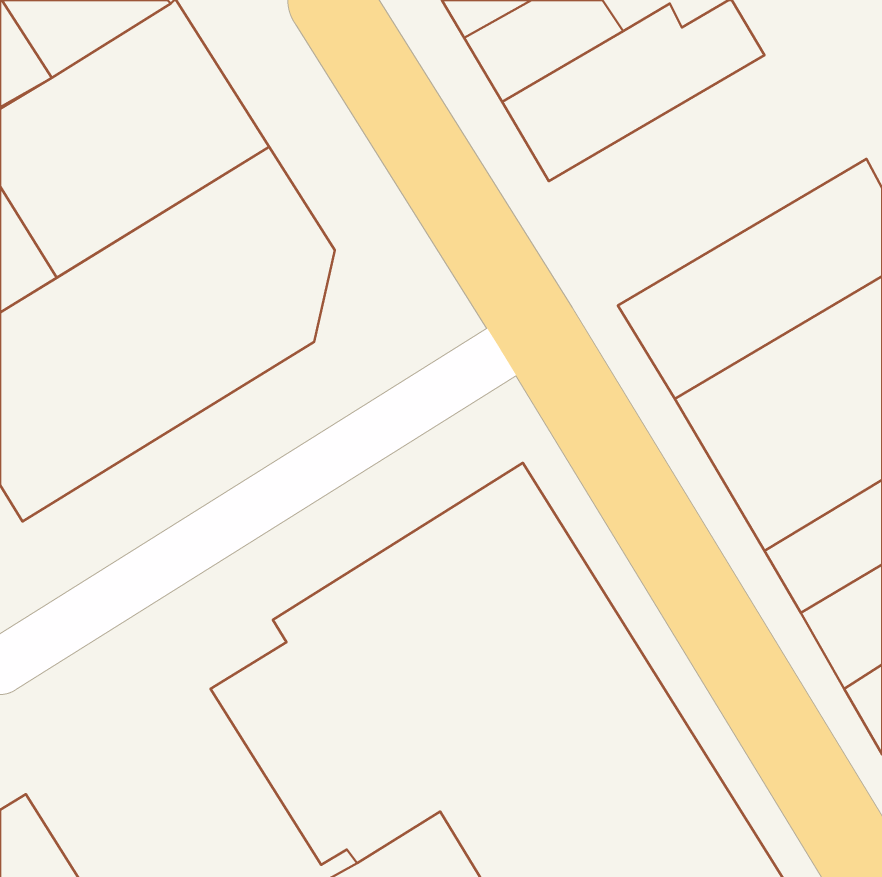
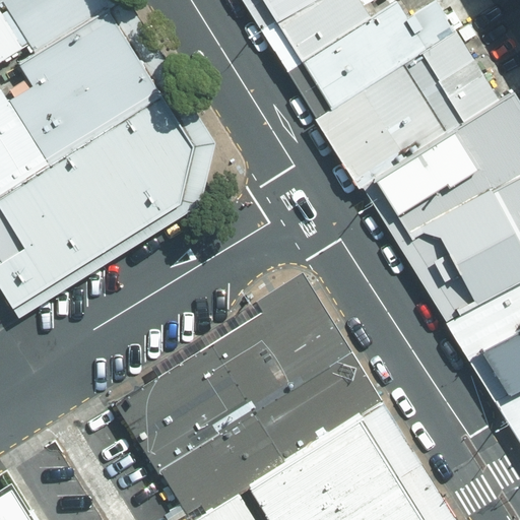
building: none -> [323,36,493,183]

